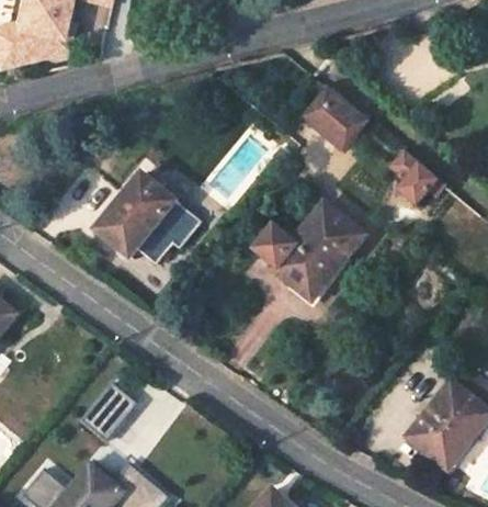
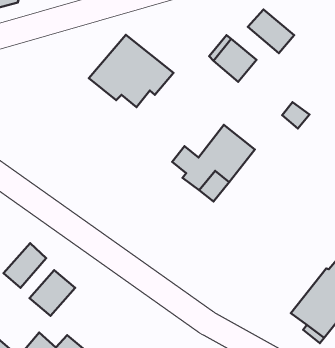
building: none -> [248,10,294,53]
building: [95,174,201,264] -> [89,35,173,107]
building: none -> [4,243,46,288]

